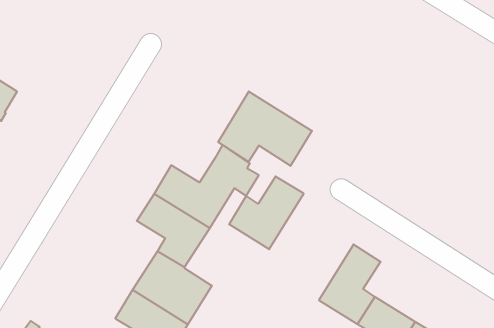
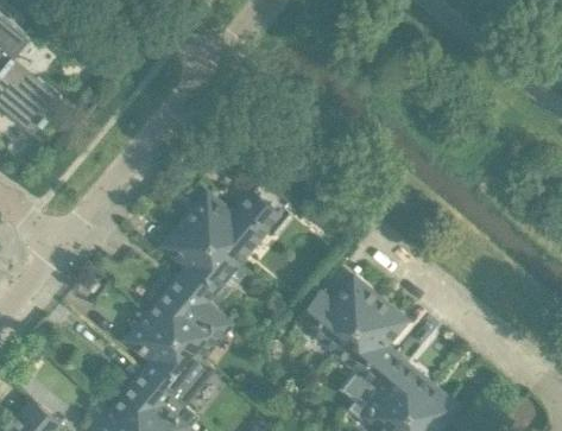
building: [218,91,312,166] -> none
building: [229,176,304,249] -> [299,279,379,351]

